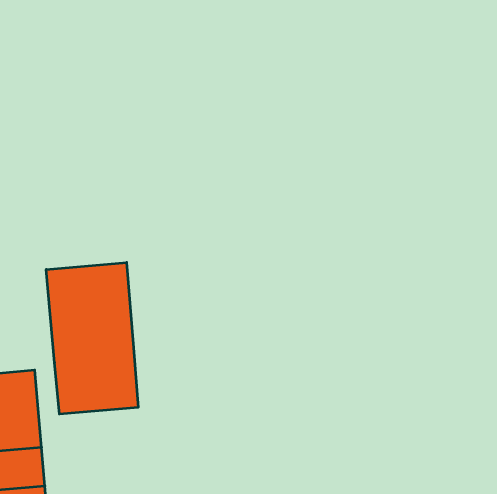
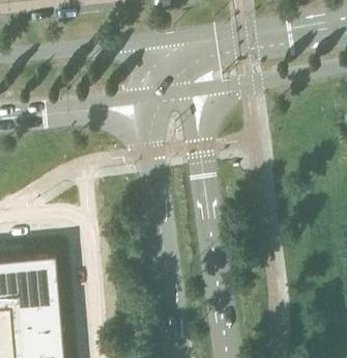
building: [46,262,138,414] -> none

